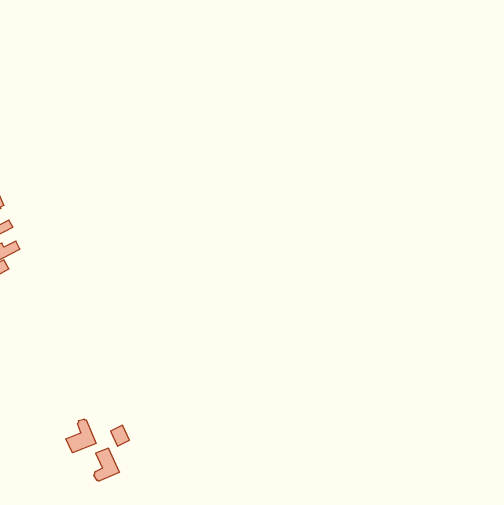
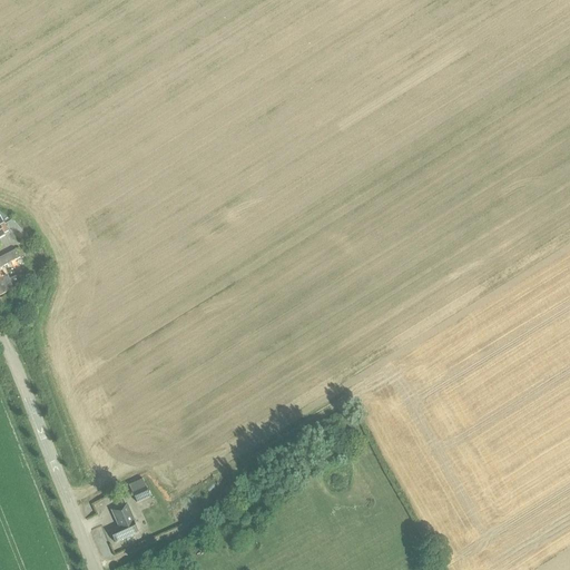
building: [66,419,96,453] -> none

